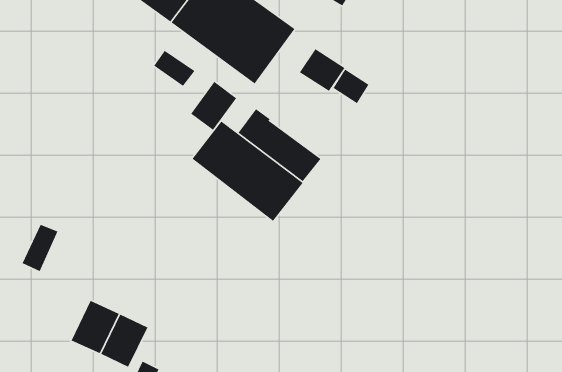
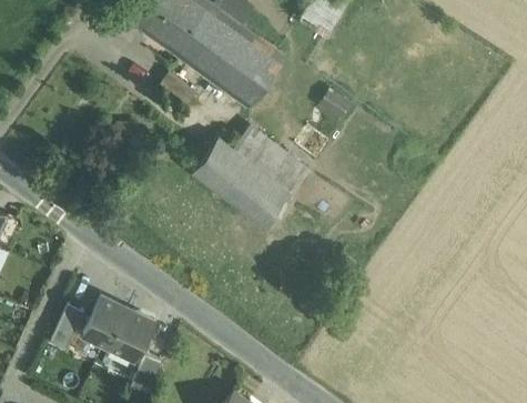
building: [299,48,345,92] -> none
building: [190,81,237,131] -> none
building: [22,224,59,272] -> [50,306,83,350]

